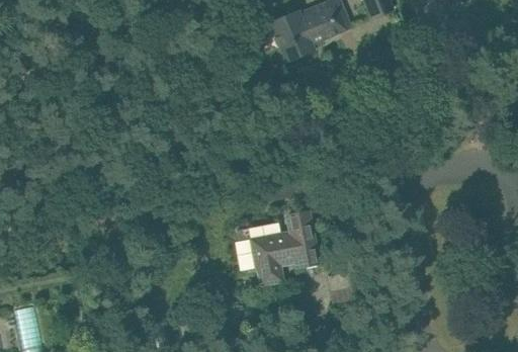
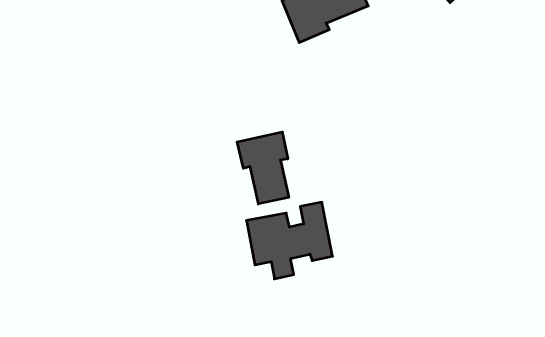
building: none -> [237,132,289,204]

